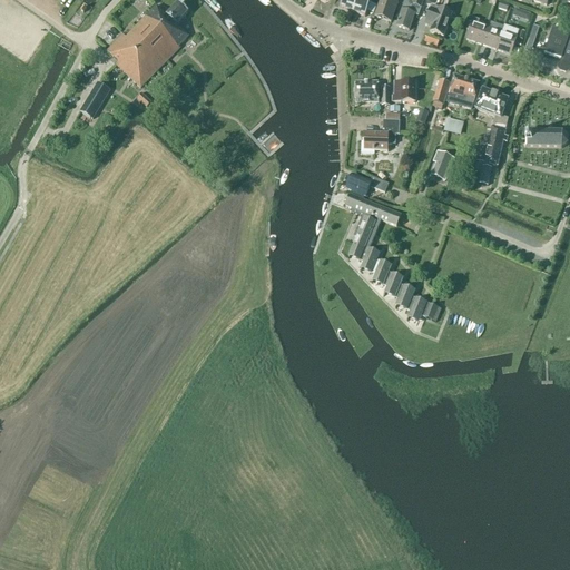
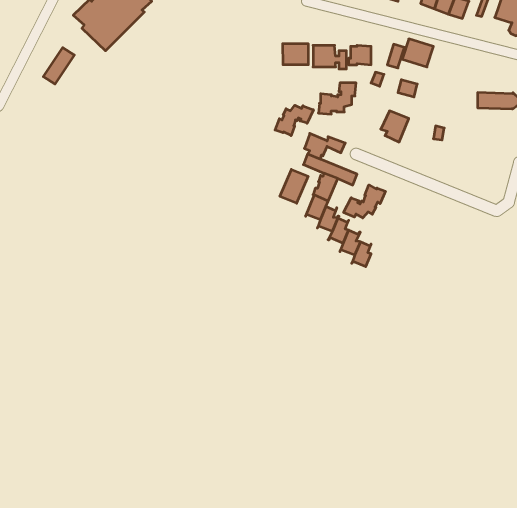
building: none -> [283,44,308,65]
building: [475,86,508,163] -> none
building: none -> [275,105,313,136]
building: none -> [280,169,308,203]
building: none -> [344,185,385,218]
building: [407,295,441,321] -> none

